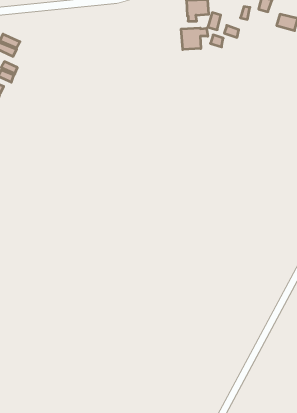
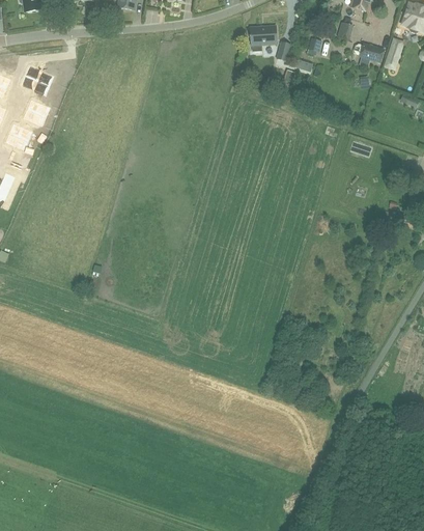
building: [181,28,208,50] -> none

